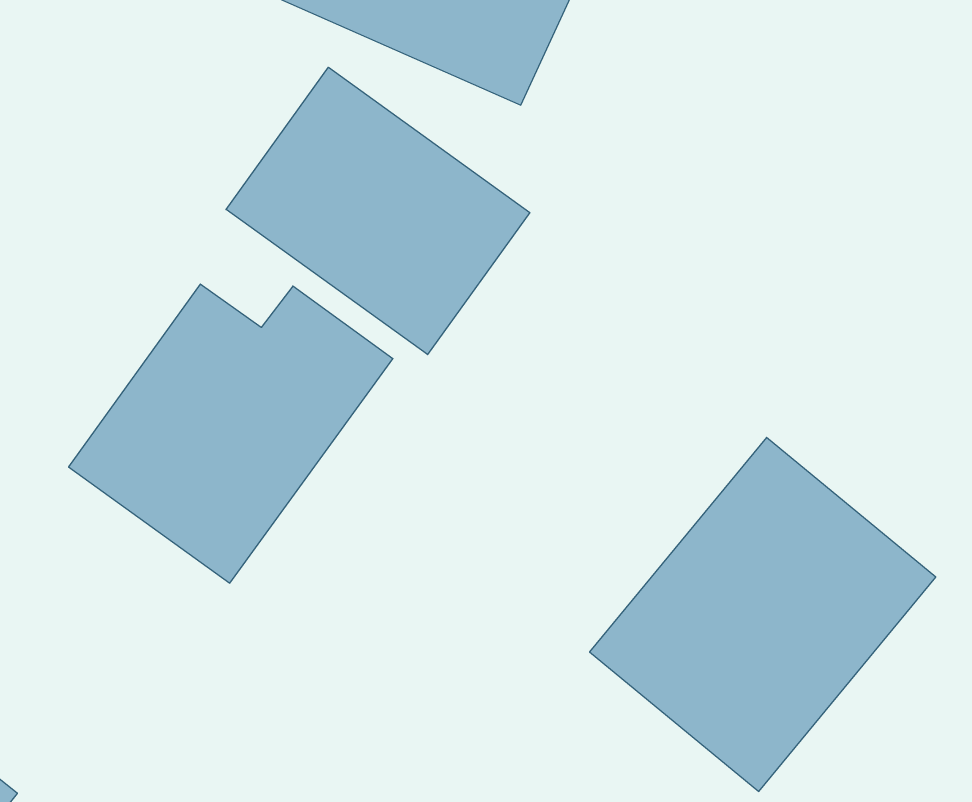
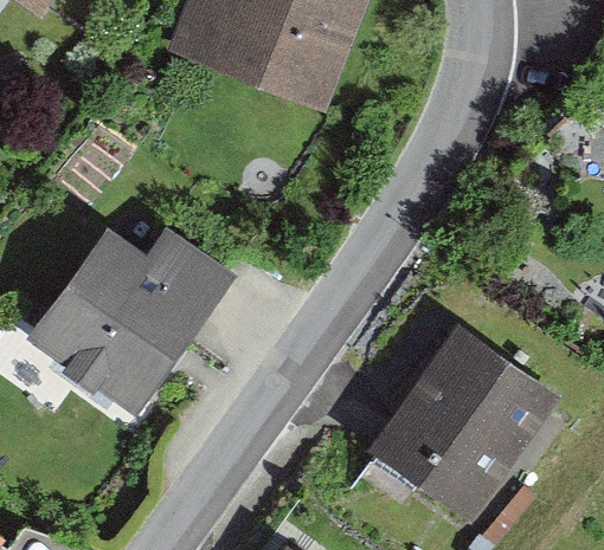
building: [226,67,530,355] -> none

